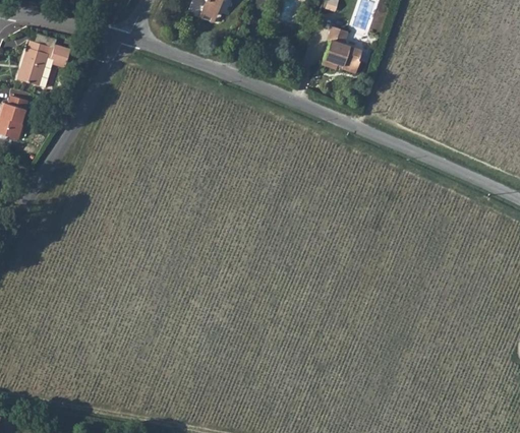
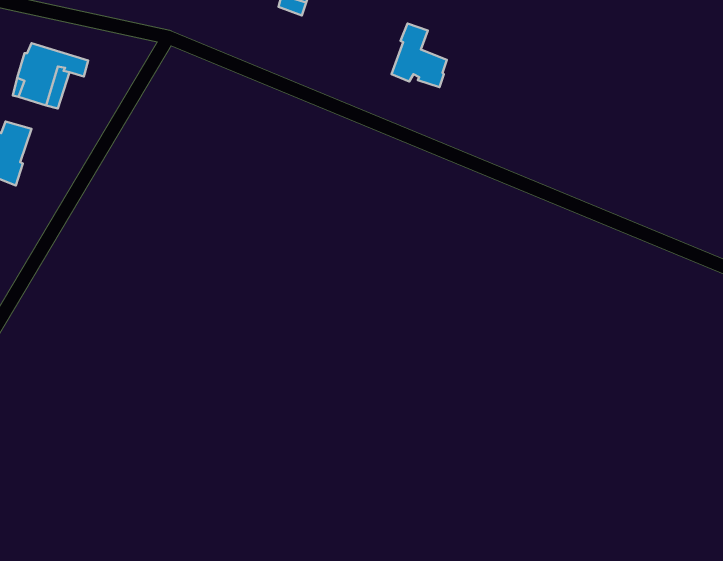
building: [324,27,362,72] -> [392,23,447,87]

